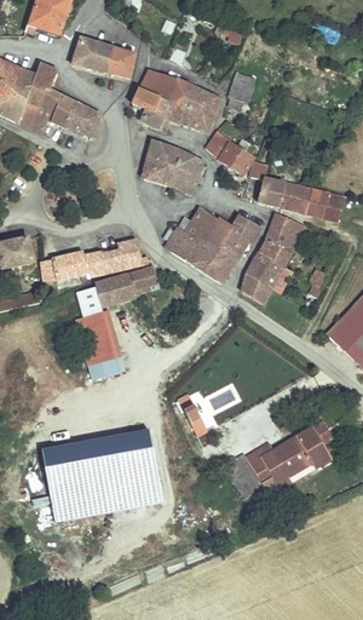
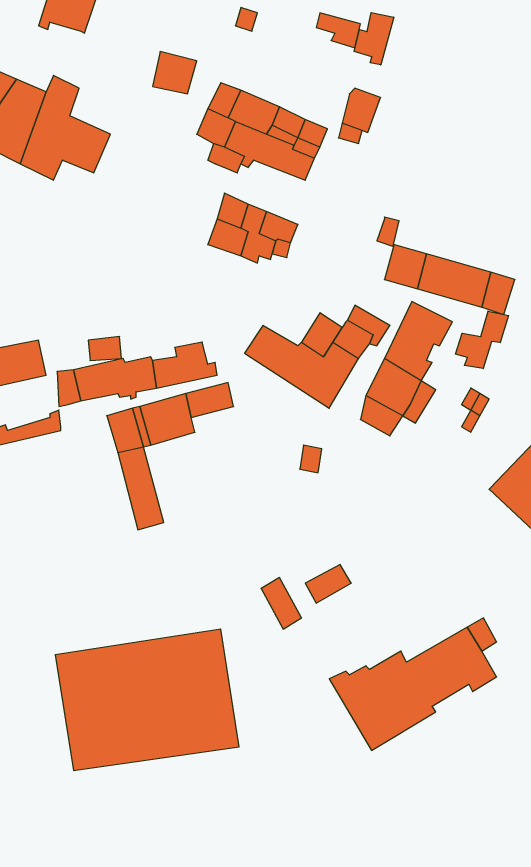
building: none -> [354,13,394,65]
building: [74,41,110,71] -> none
building: [67,103,100,137] -> none
building: [212,125,255,170] -> none
building: [178,211,215,242] -> none
building: none -> [456,311,509,369]

